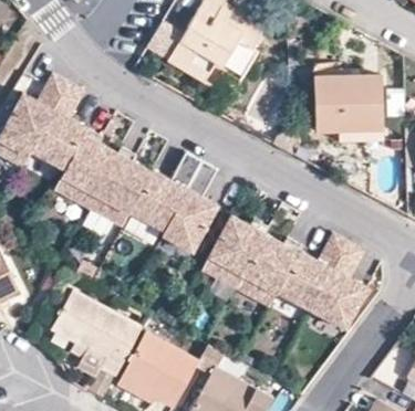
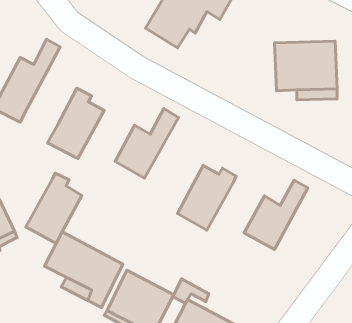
building: [32,82,89,170] -> none
building: [90,147,153,226] -> [26,173,82,244]
building: [163,161,218,251] -> none
building: [236,234,303,306] -> none
building: [312,241,369,328] -> none

